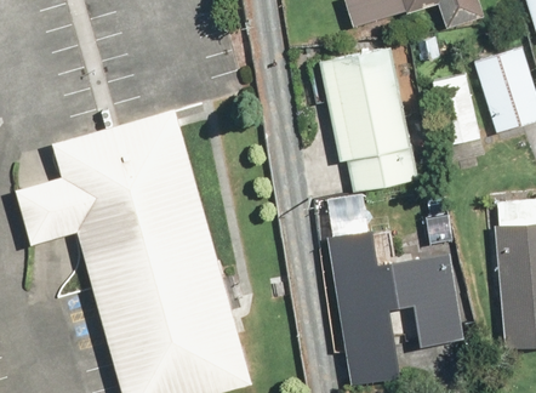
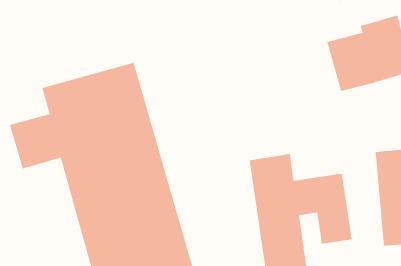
building: [318,44,422,194] -> none

